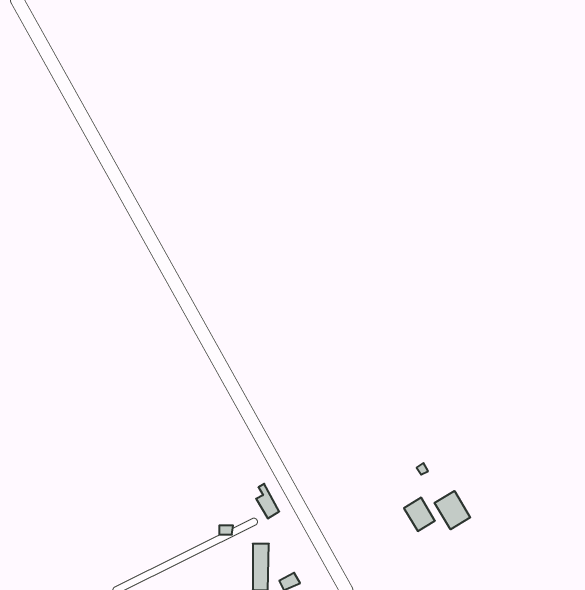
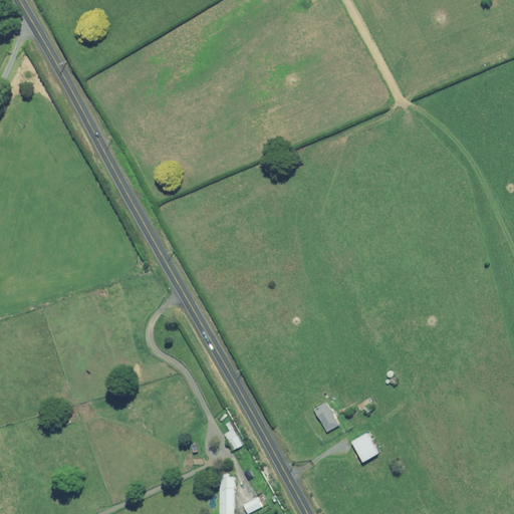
building: none -> [313,401,339,432]
building: [435,491,470,529] -> none

